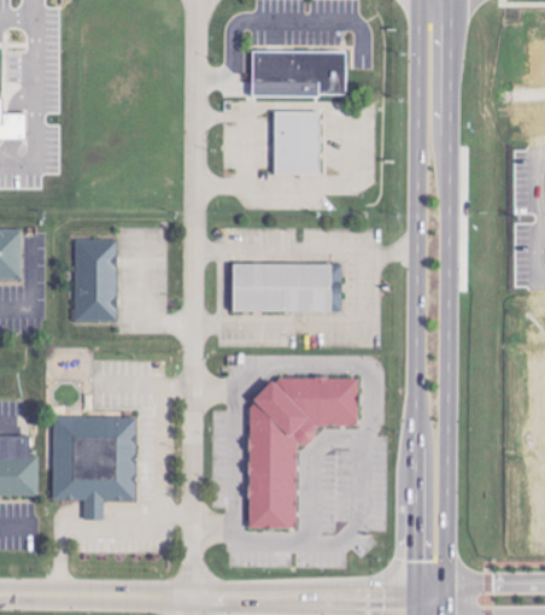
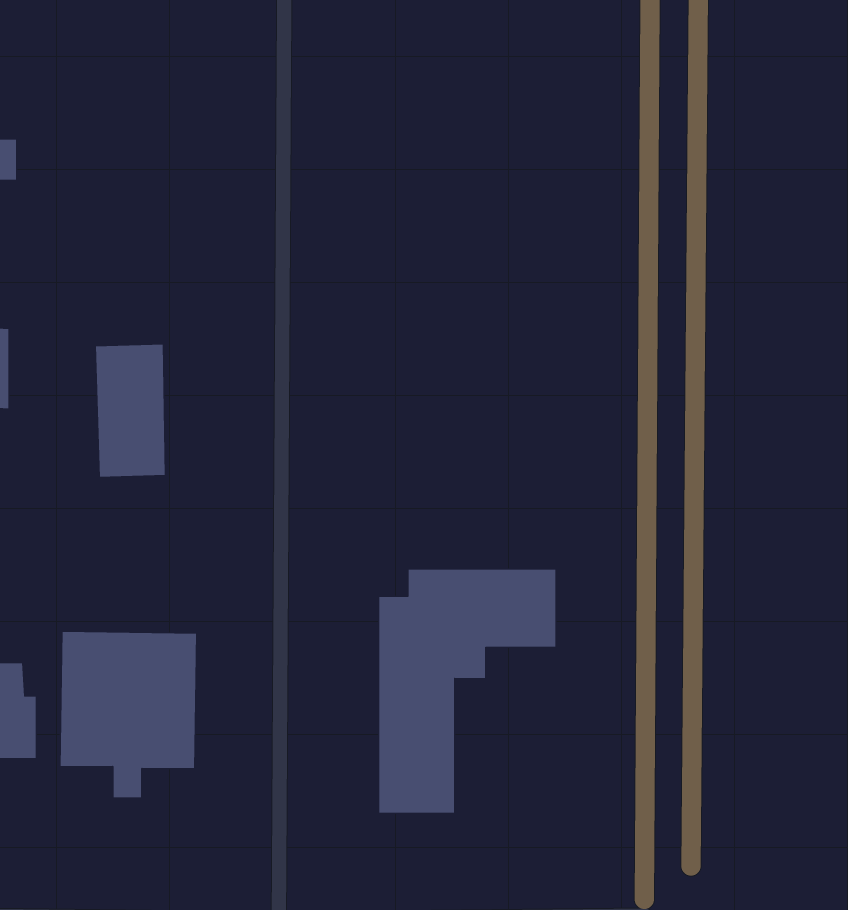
building: [251,49,346,96] -> none
building: [272,110,320,172] -> none
building: [232,263,341,311] -> none

